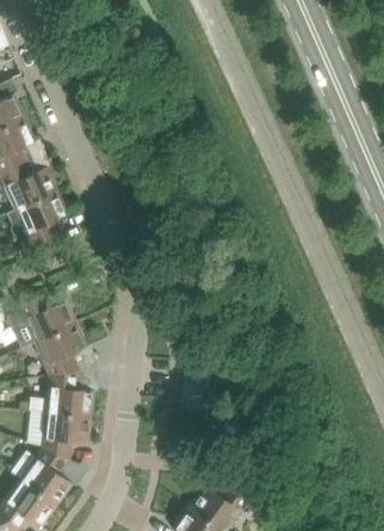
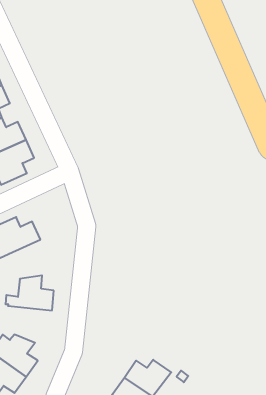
building: [33,323,86,375] -> none
building: [27,411,91,460] -> none

